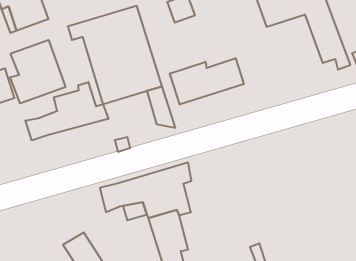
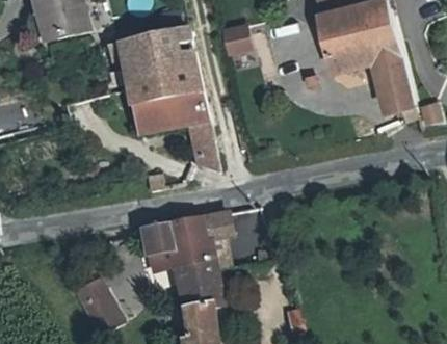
building: [10,40,65,103] -> none
building: [170,58,244,105] -> none
building: [25,82,108,140] -> none

